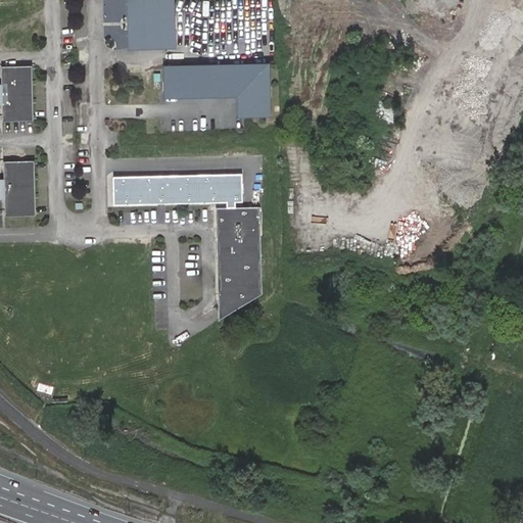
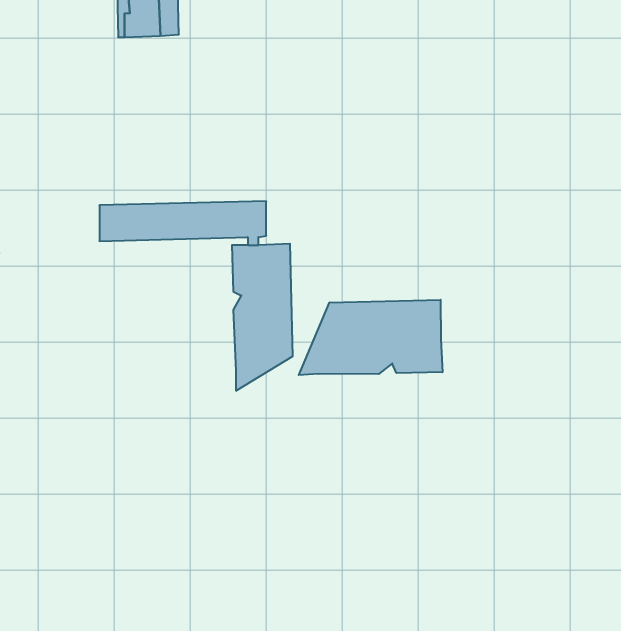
building: [163,64,269,115] -> none
building: none -> [299,300,442,375]

